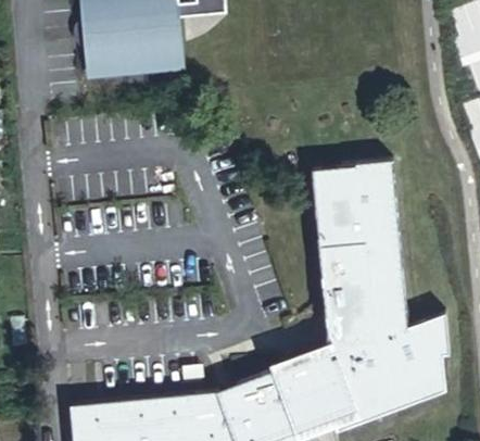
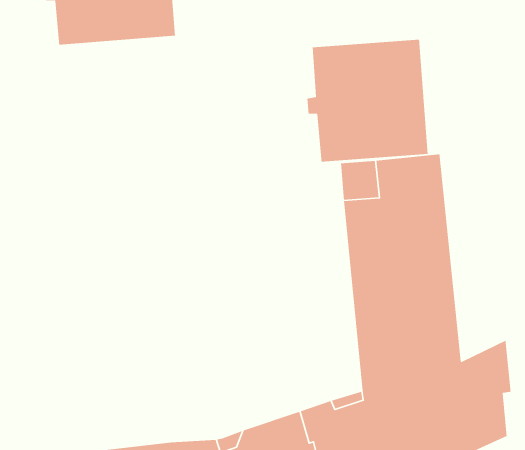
building: none -> [307,39,429,163]

